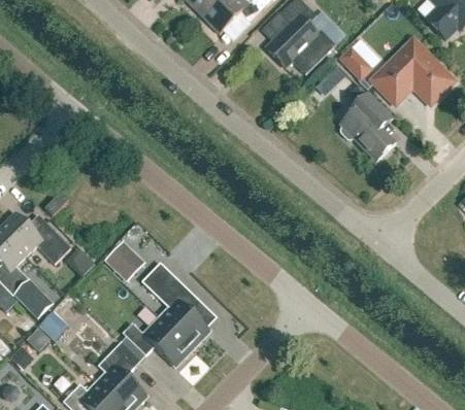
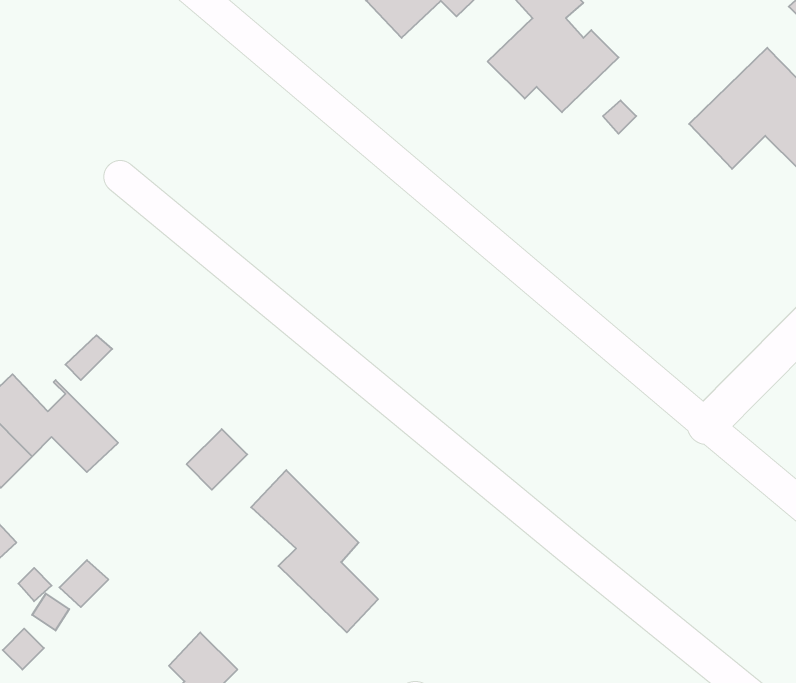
building: [337,45,371,79] -> none
building: [340,84,395,161] -> none
building: [16,279,54,316] -> none
building: [123,312,192,366] -> none

